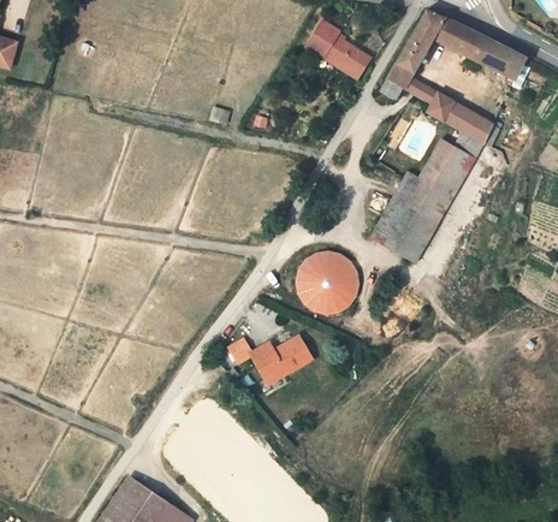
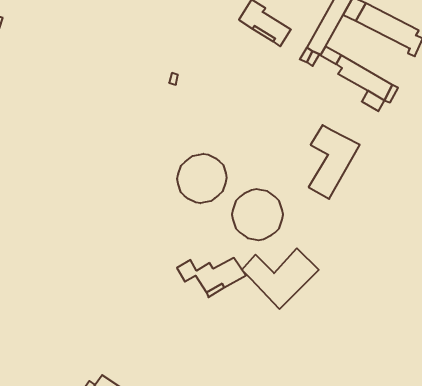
building: [406,140,474,197] -> none
building: [369,197,414,249] -> none
building: none -> [177,154,227,203]
building: none -> [242,248,319,309]

